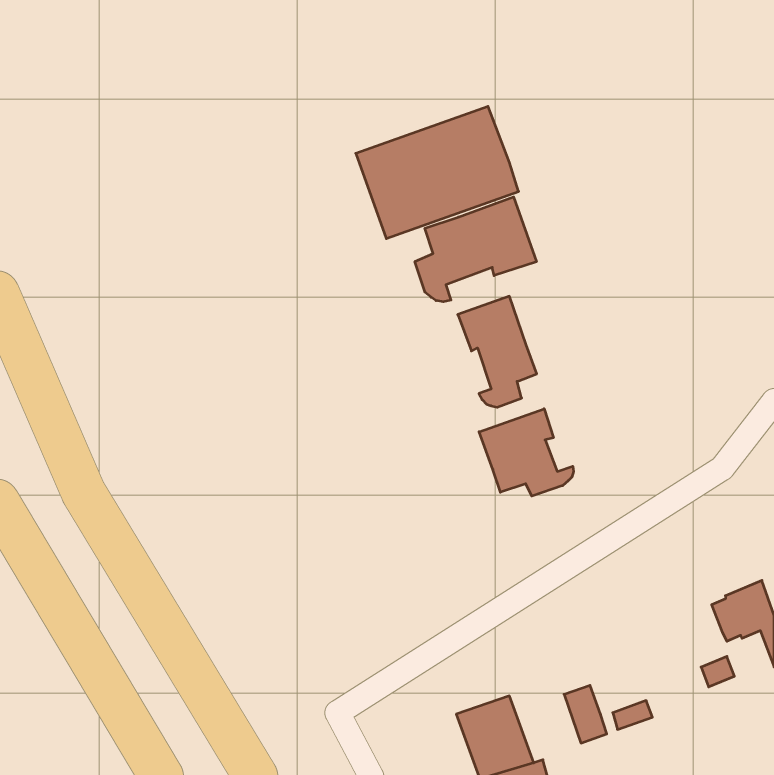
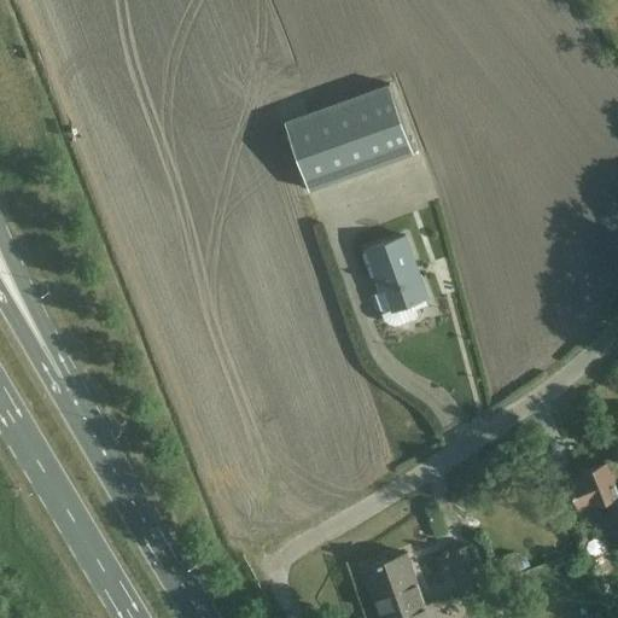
building: [415,197,536,302] -> none
building: [479,409,574,496] -> none

